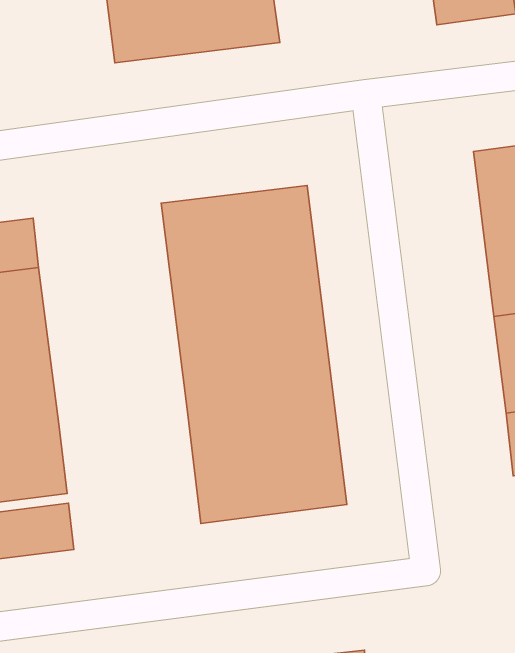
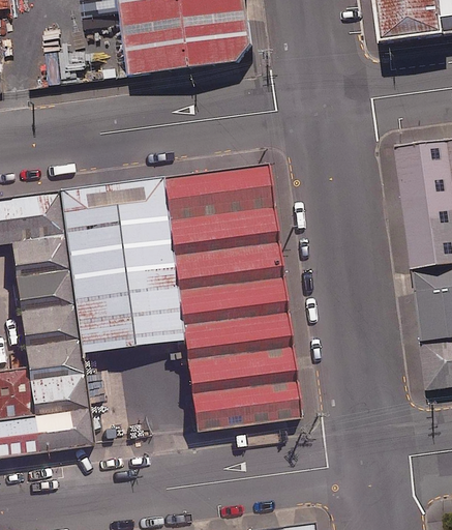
building: none -> [64,181,181,349]

